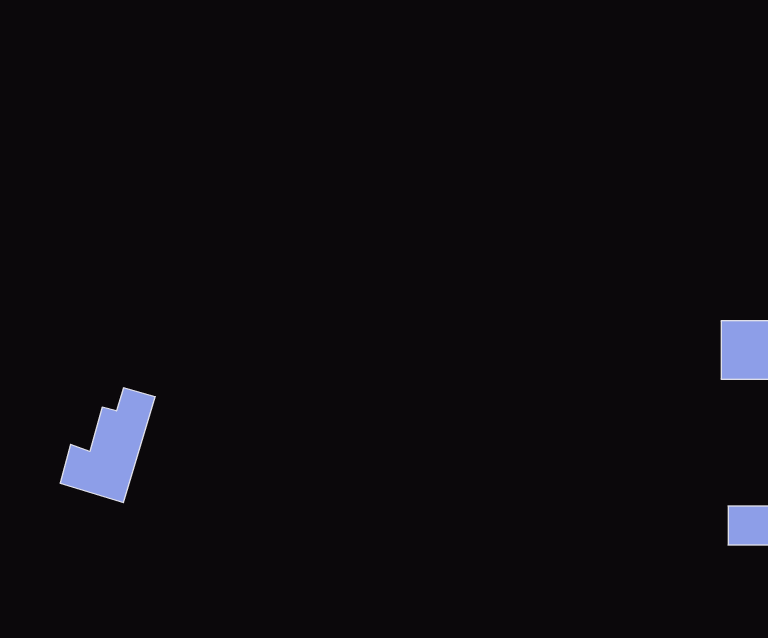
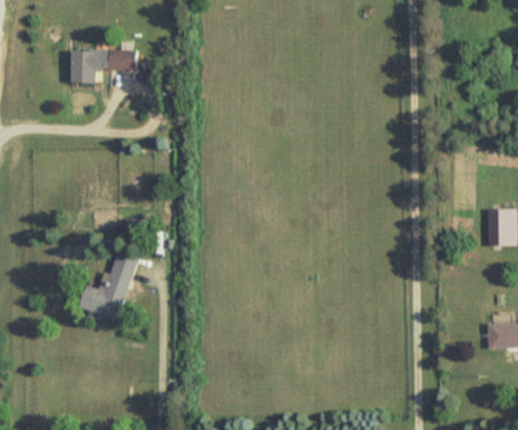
building: none -> [70,51,101,84]
building: none -> [110,51,140,70]

